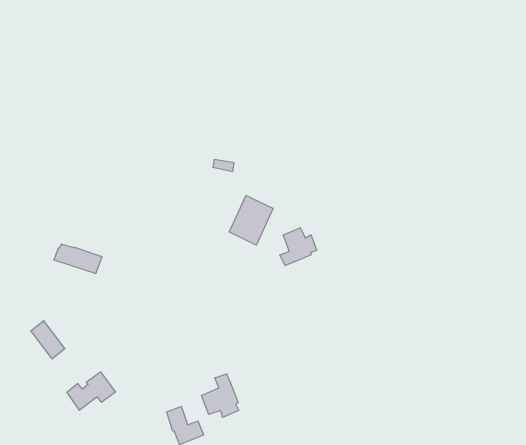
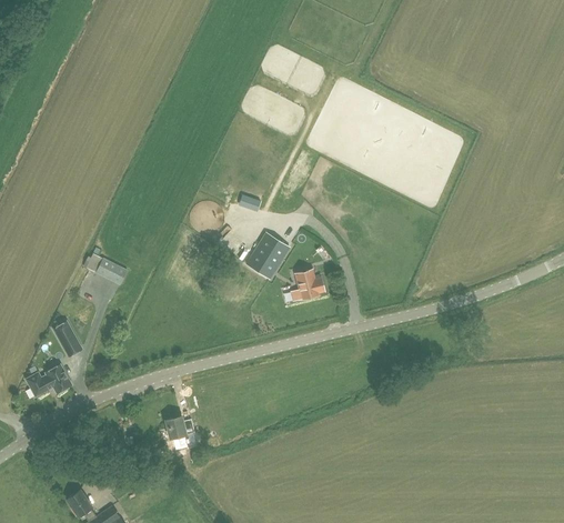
building: [67,372,116,410] -> [27,364,71,396]
building: [202,374,239,417] -> none

